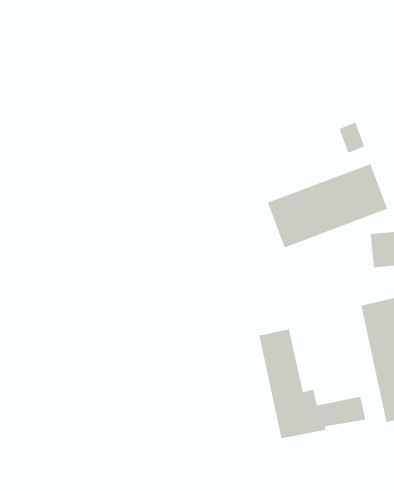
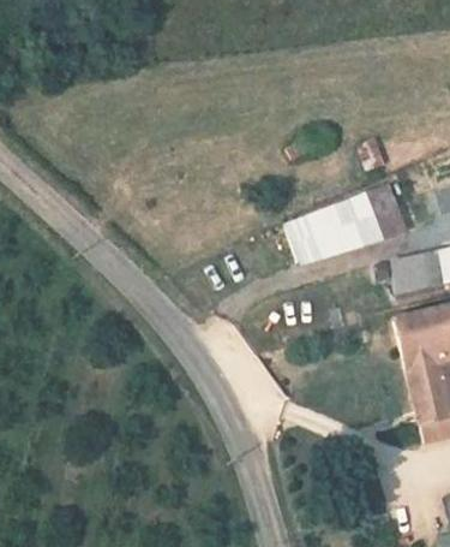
building: [259,328,366,439] -> none

